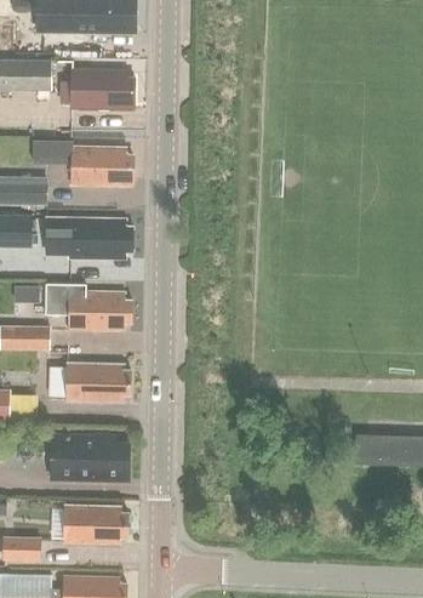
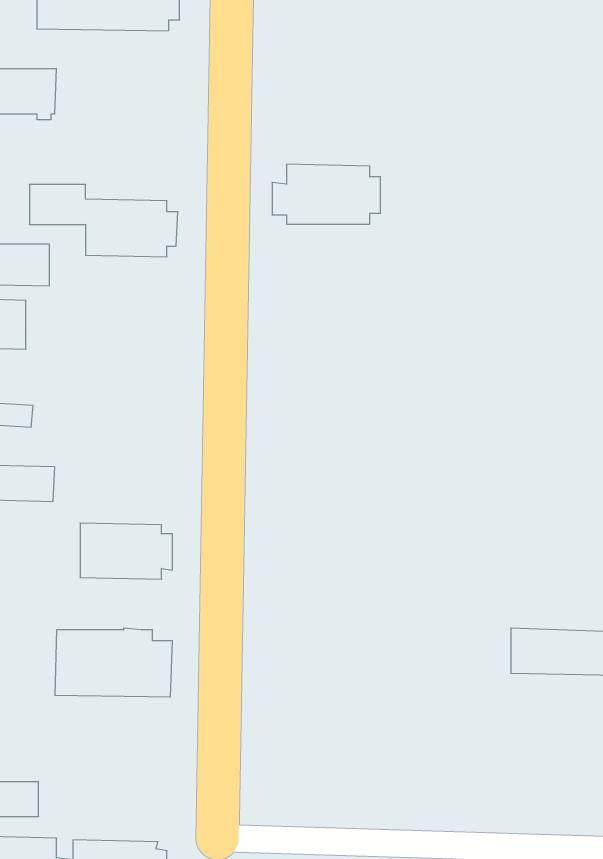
building: [61,68,133,108] -> [272,164,381,224]
building: [44,218,131,260] -> none
building: [45,283,131,330] -> none
building: [63,503,127,543] -> none

